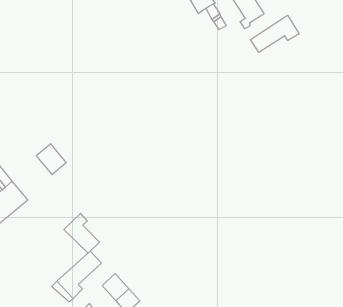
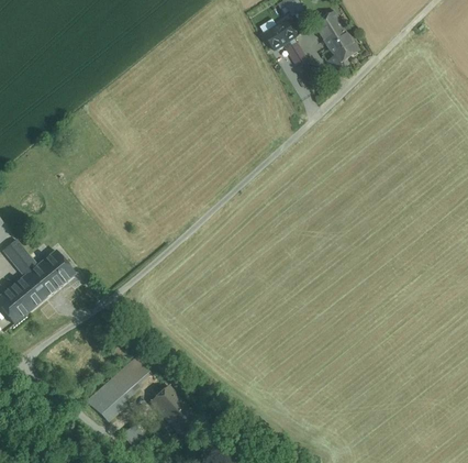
building: [251,15,299,52] -> none
building: [36,144,66,175] -> [35,250,74,289]
building: [64,213,100,253] -> none

